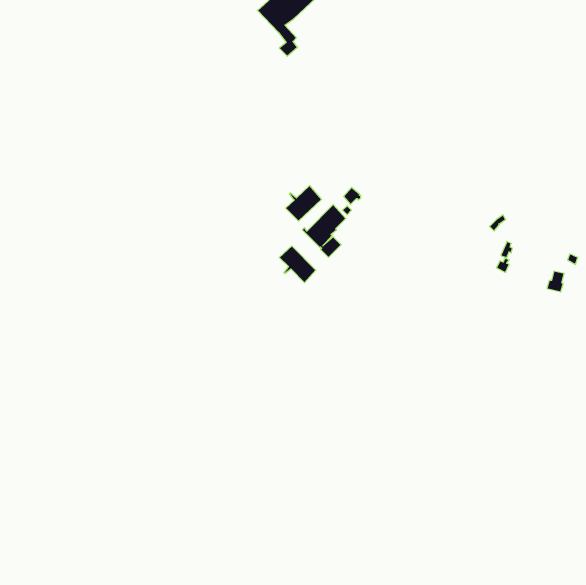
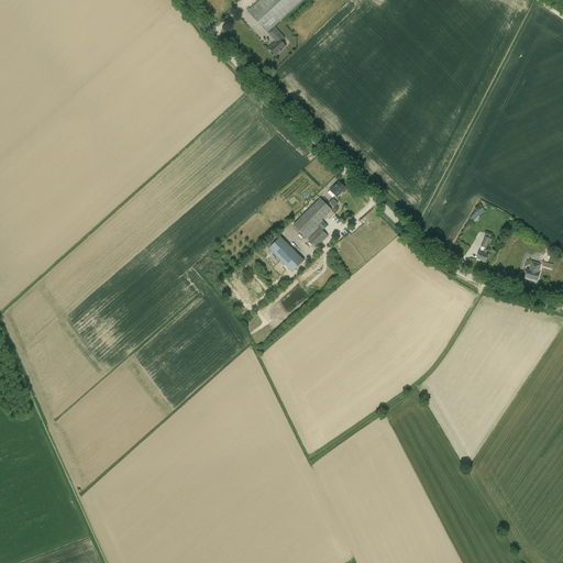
building: [286,186,321,221] -> none

